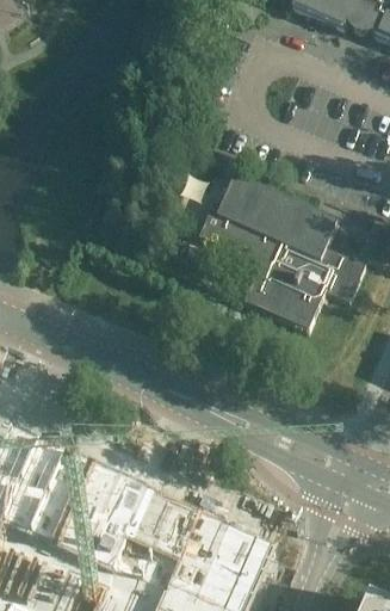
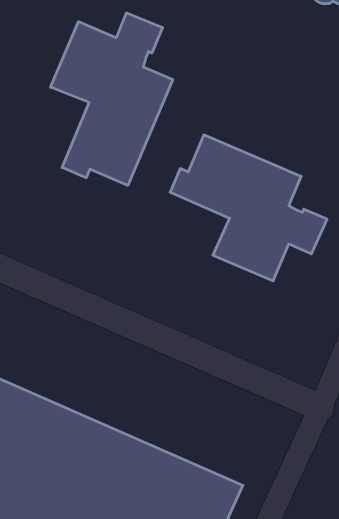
building: none -> [51,13,173,185]

